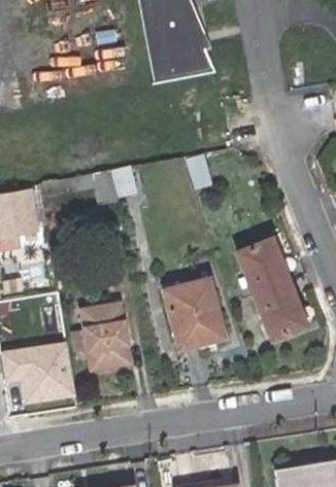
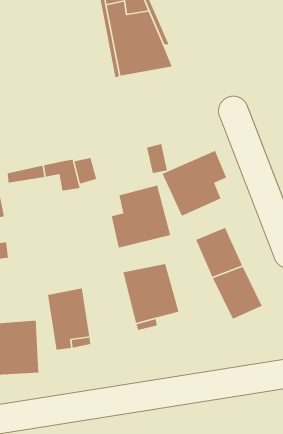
building: none -> [162,150,227,217]
building: none -> [111,184,171,248]

